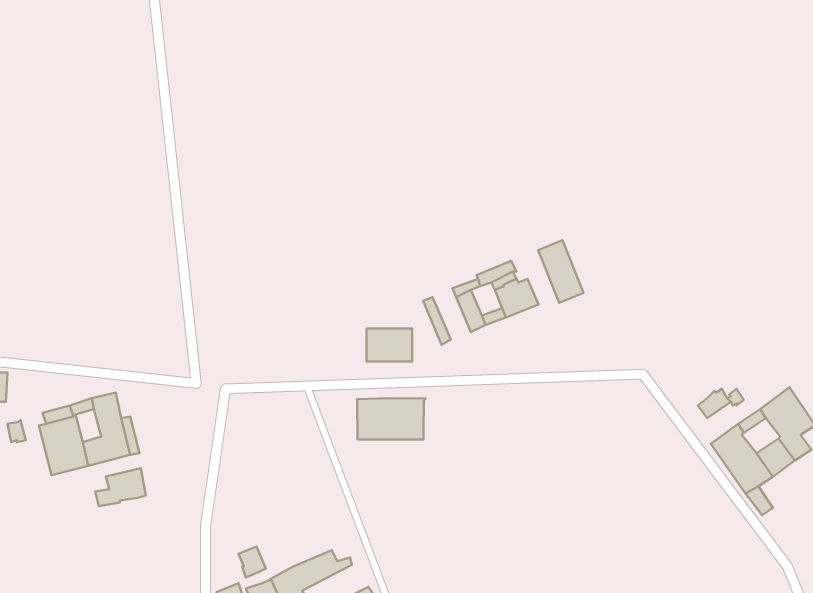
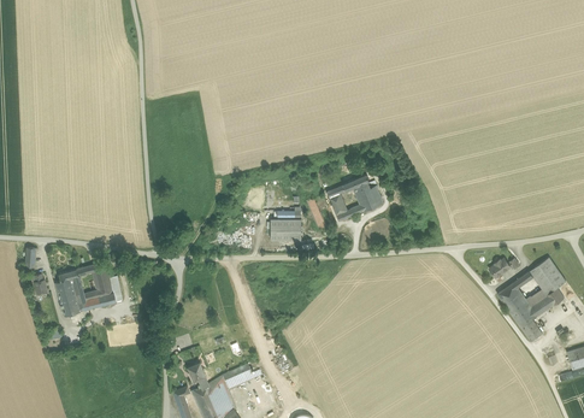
building: [538,240,584,303] -> none
building: [357,398,425,440] -> none
building: [95,468,146,506] -> none

